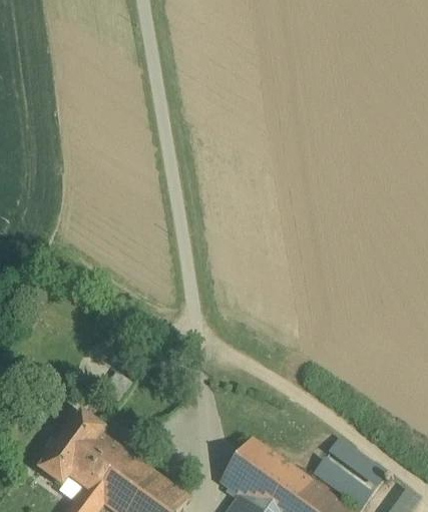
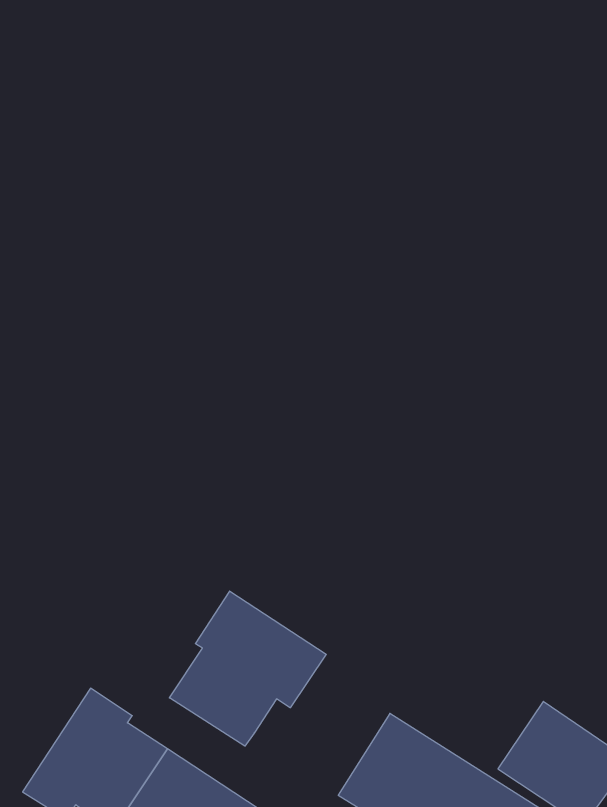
building: none -> [169,591,326,746]

